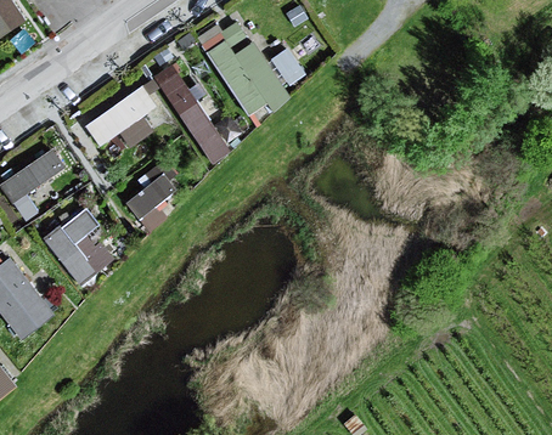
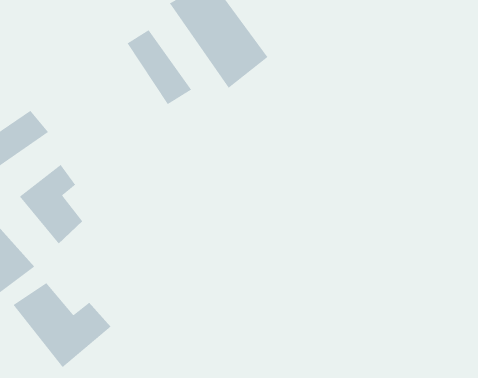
building: [81,83,157,145] -> none
building: [123,169,179,219] -> none
building: none -> [13,282,112,368]

